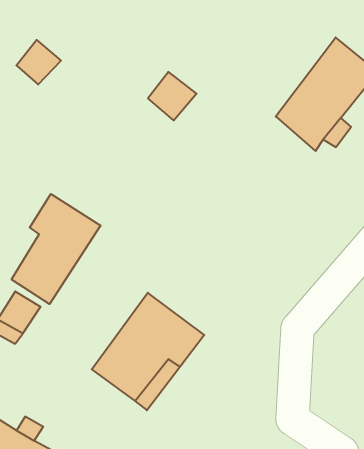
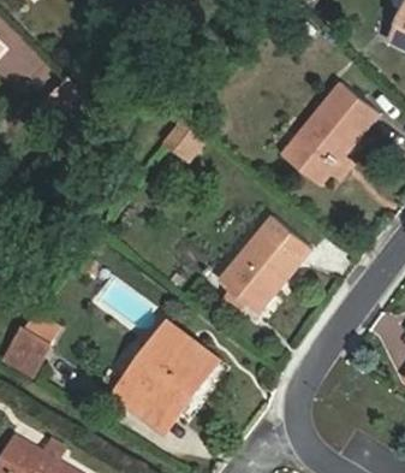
building: none -> [215,213,311,318]
building: [12,194,101,304] -> none

